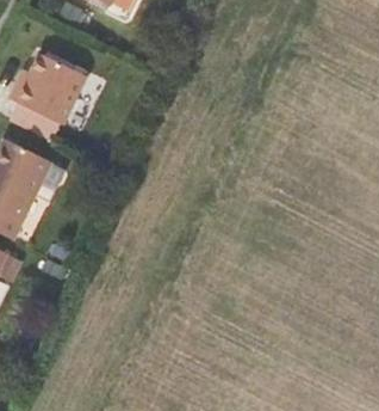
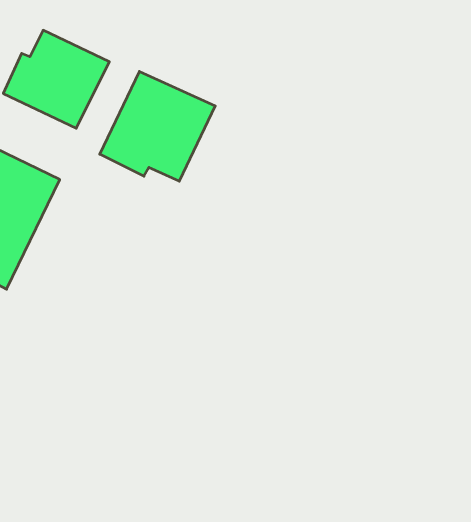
building: none -> [100,71,215,181]

